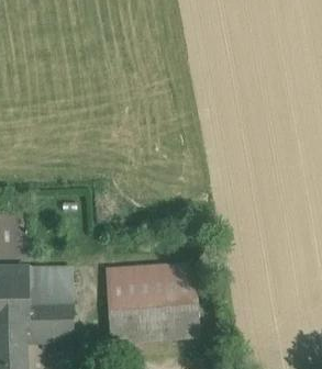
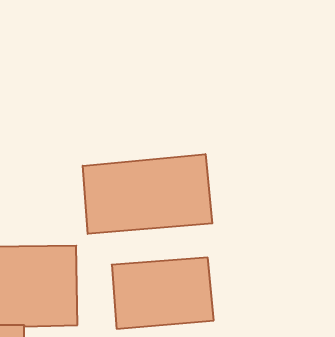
building: none -> [83,154,212,234]

